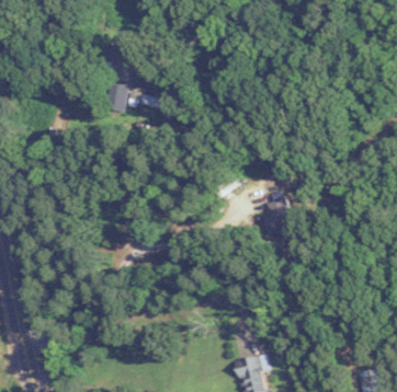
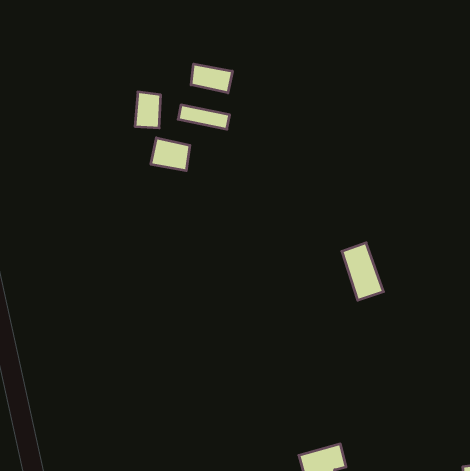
building: none -> [191,64,232,93]
building: none -> [151,138,190,171]

